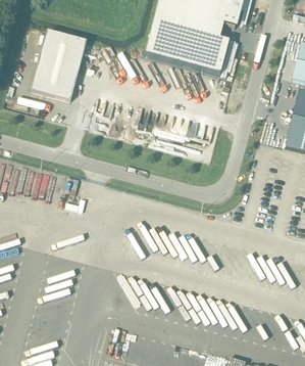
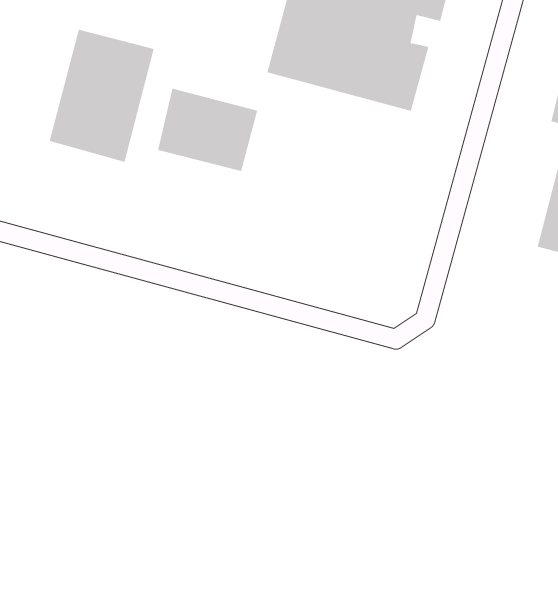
building: none -> [157,88,258,172]

